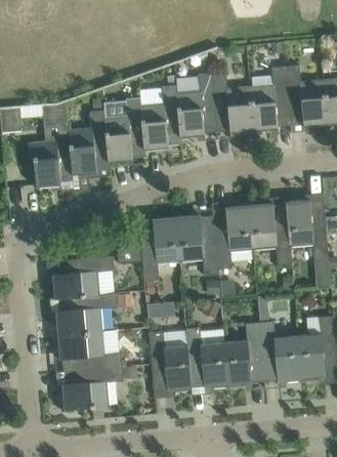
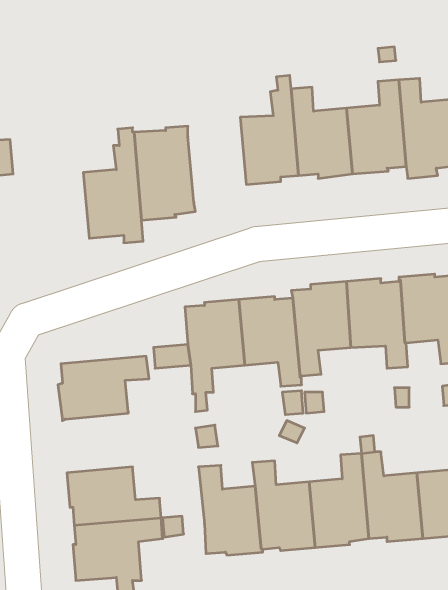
building: [141,77,182,150] -> none
building: [29,100,74,186] -> none
building: [56,292,133,335] -> none

